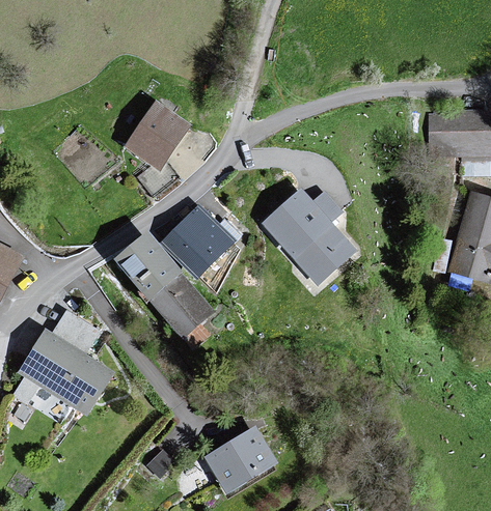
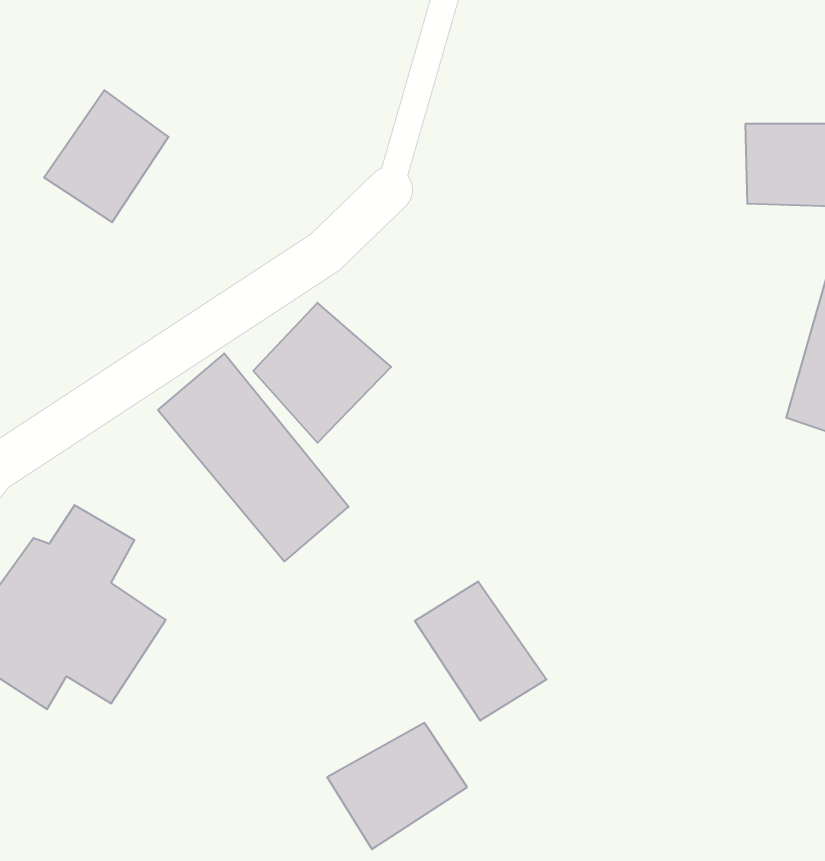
building: [122,101,189,171] -> [44,90,169,222]
building: [262,187,358,284] -> none
building: none -> [415,581,547,721]

